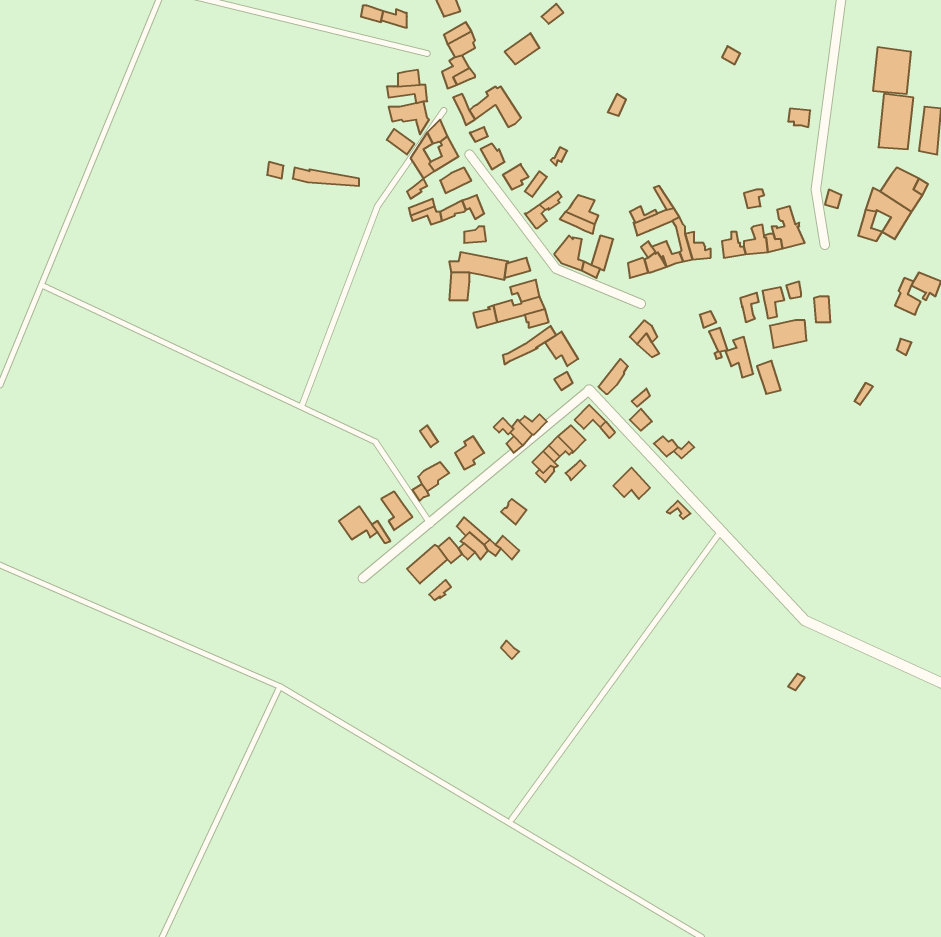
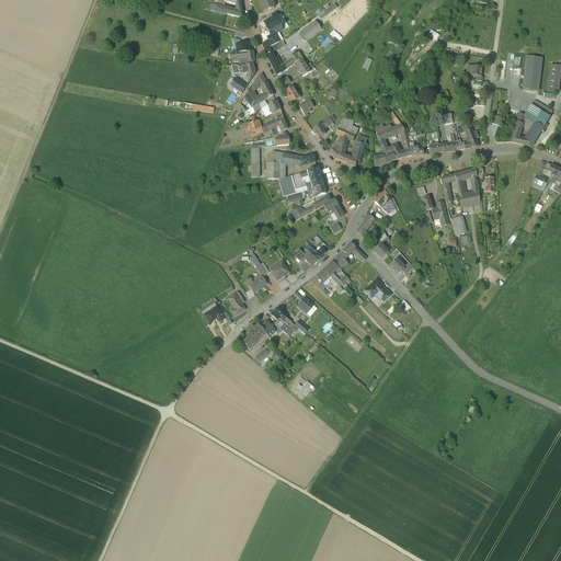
building: [873,47,911,94] -> none

